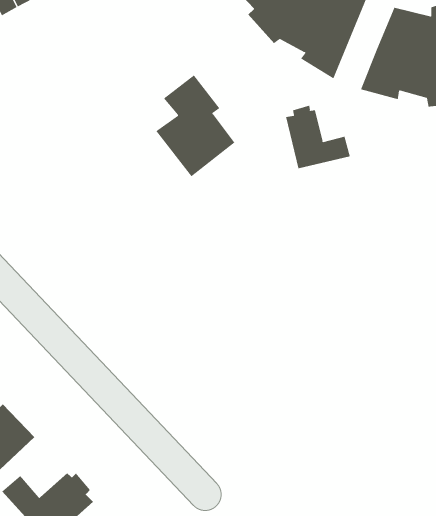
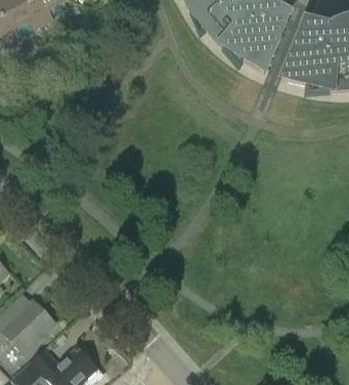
building: [156,75,235,177] -> none
building: [286,105,351,169] -> none

